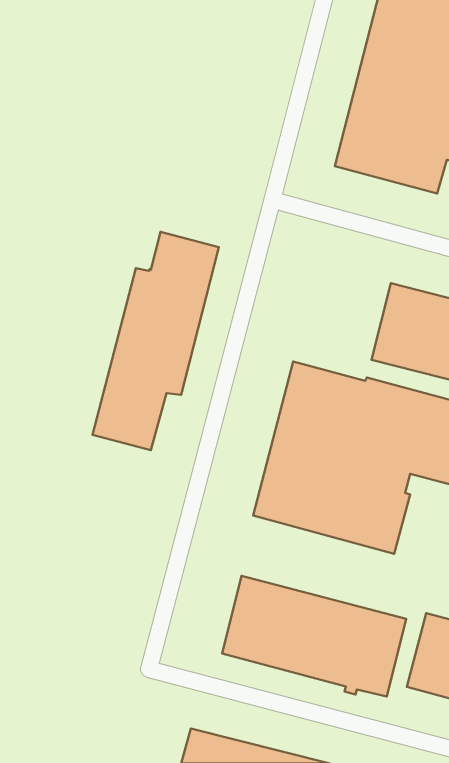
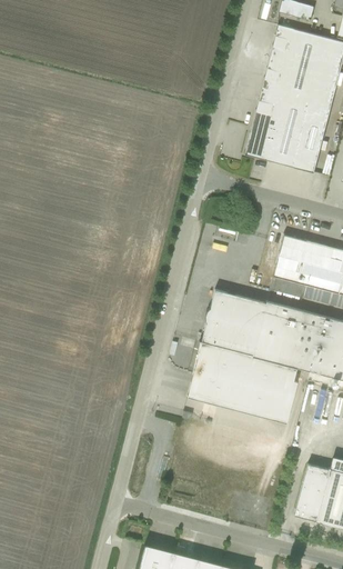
building: [93,232,219,450] -> none
building: [222,576,406,697] -> none

